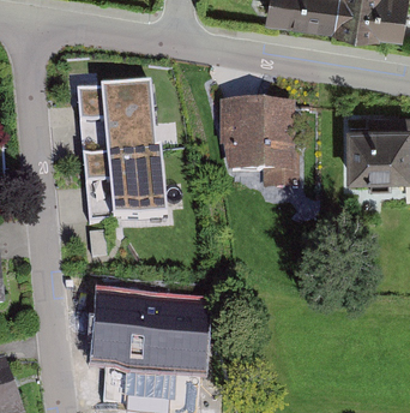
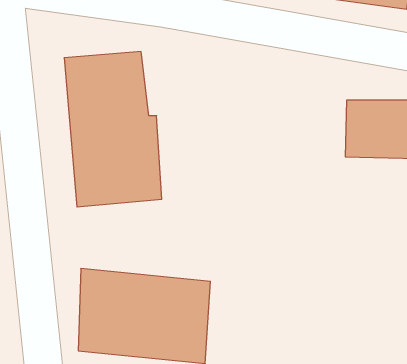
building: [216,108,295,178] -> none

